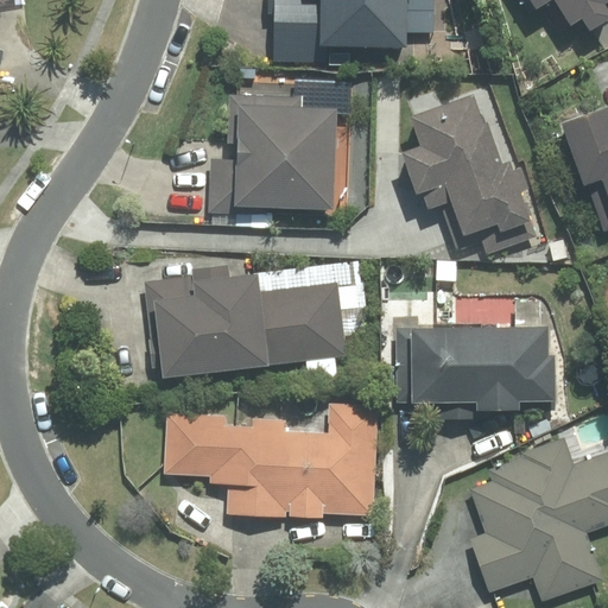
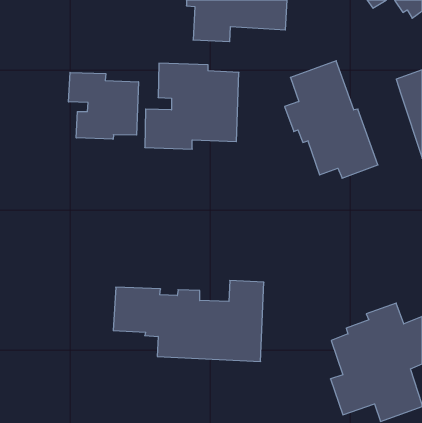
building: none -> [69,72,138,139]
building: [145,272,343,382] -> none
building: [401,327,556,408] -> none

